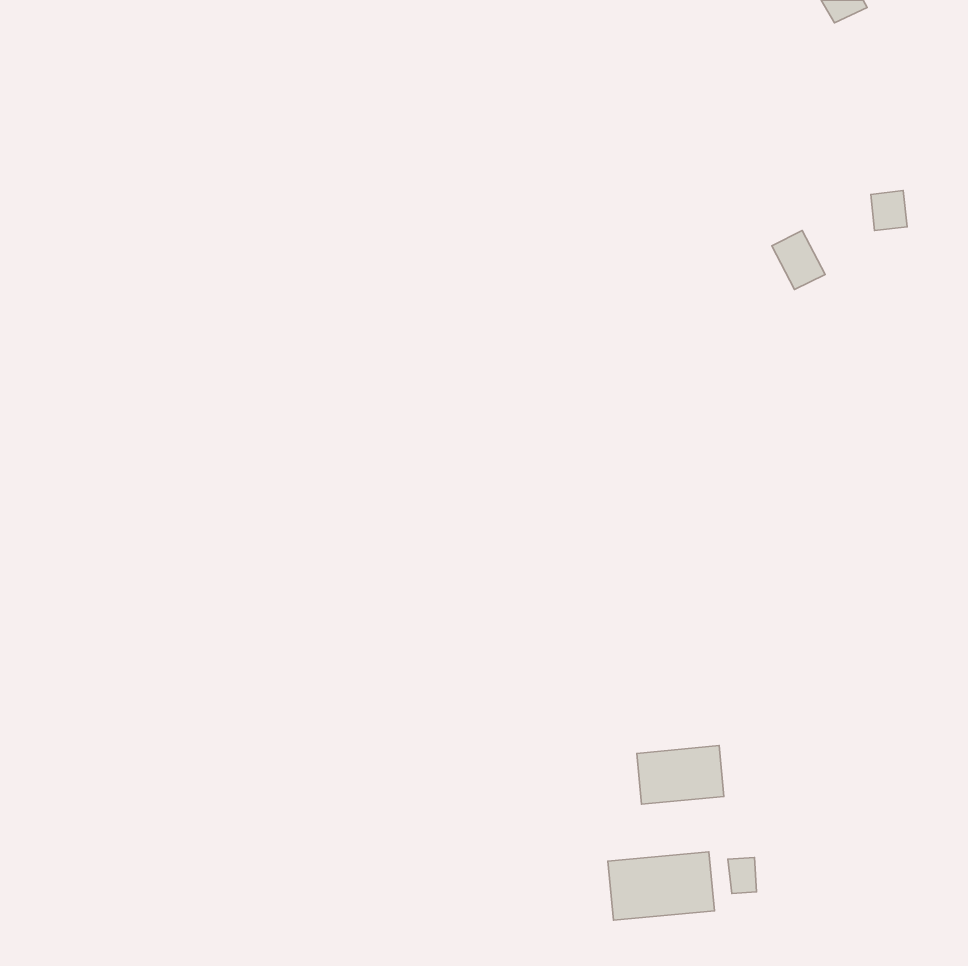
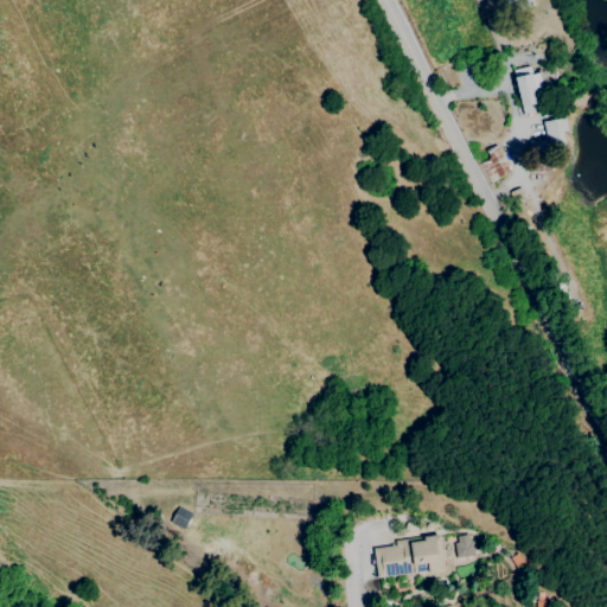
building: none -> [518,69,552,111]
building: [637,746,724,804] -> none

